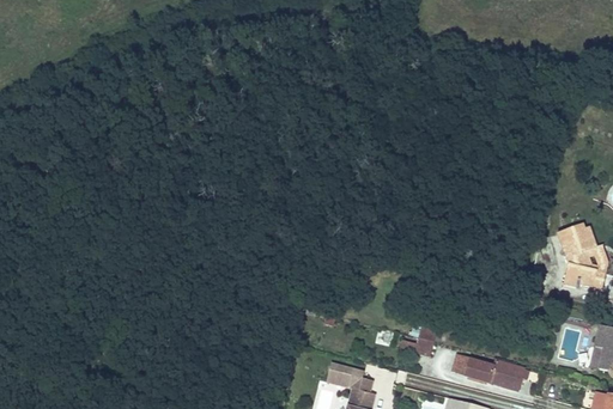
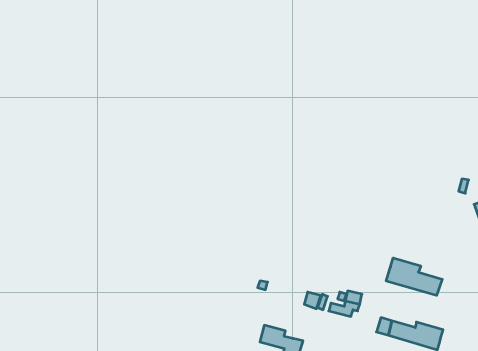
building: none -> [386,258,442,295]

